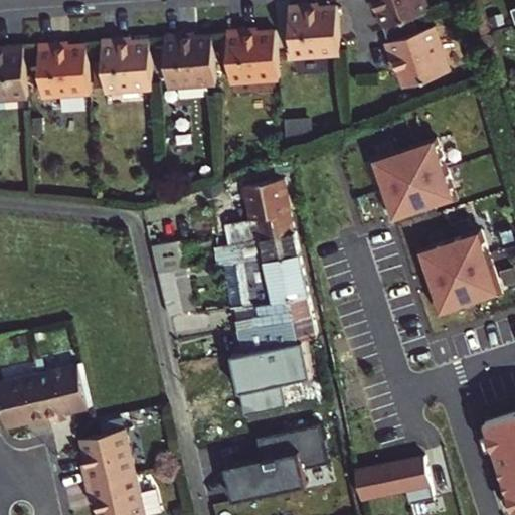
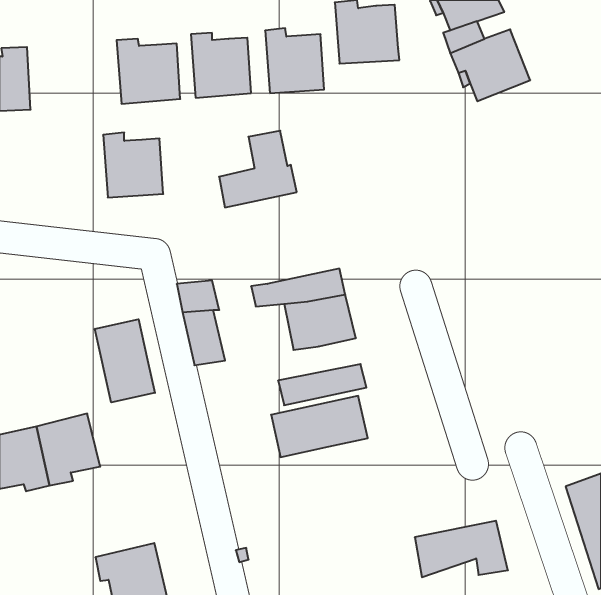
building: [36,43,88,99] -> [103,133,163,197]
building: [372,141,454,220] -> none
building: [223,183,290,248] -> [219,131,297,207]
building: [418,231,499,313] -> none
building: none -> [95,319,155,402]
building: [232,295,308,331] -> none
building: [239,387,286,419] -> none
building: [77,424,132,482] -> none
building: [223,424,328,503] -> none

